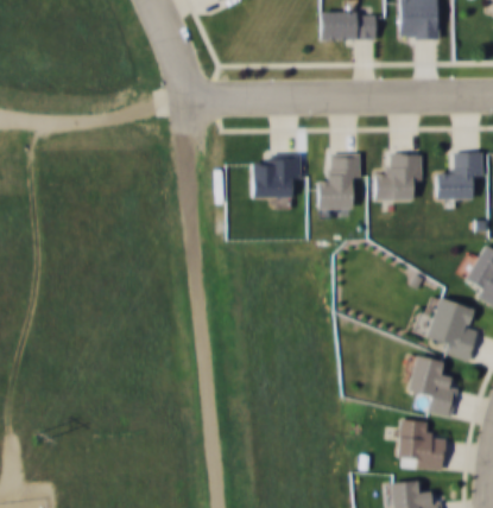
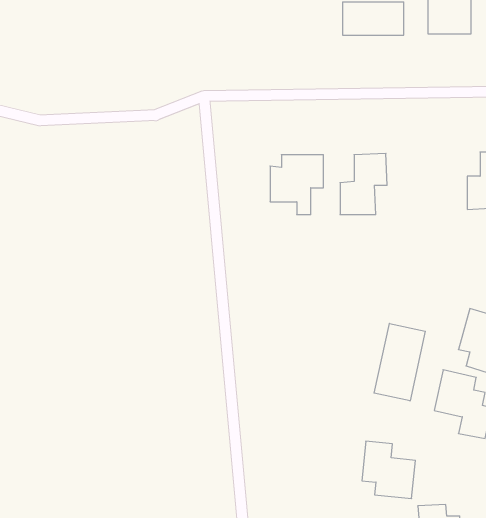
building: [375,152,423,202] -> none
building: none -> [374,323,425,401]
building: [398,418,448,471] -> [362,441,415,499]

